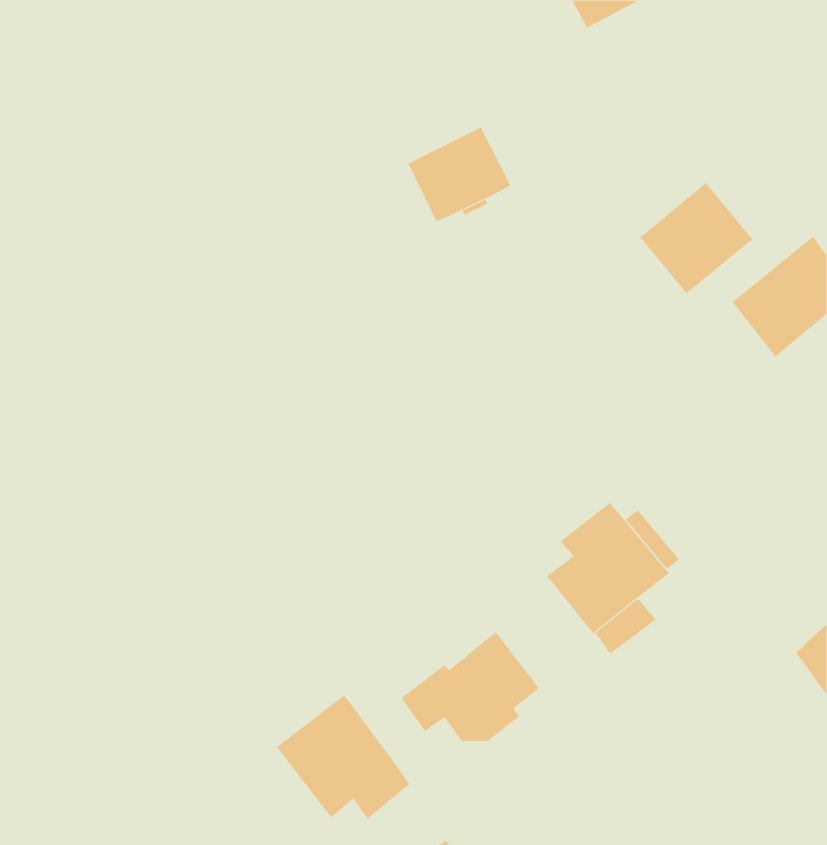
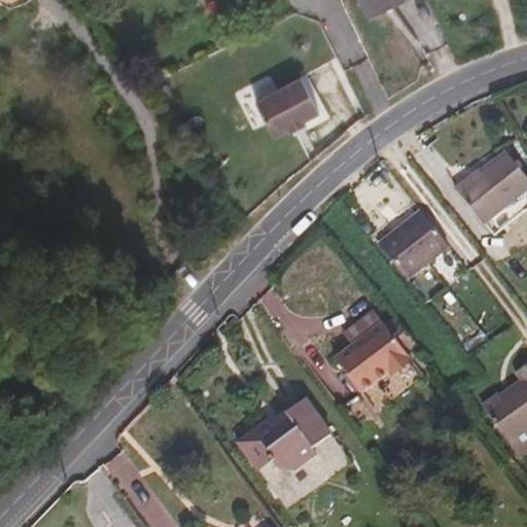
building: [639,182,753,294] -> [379,205,449,274]
building: [276,694,410,819] -> none

